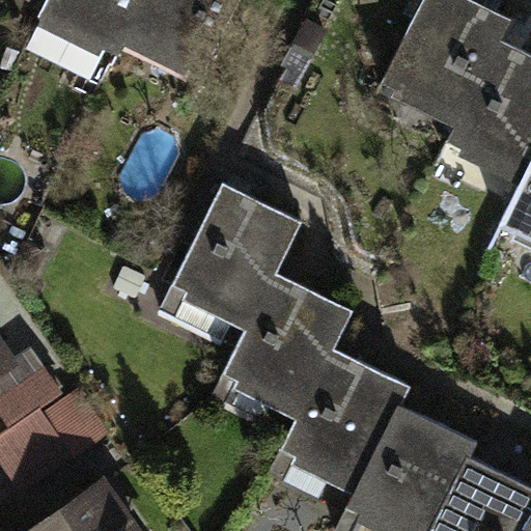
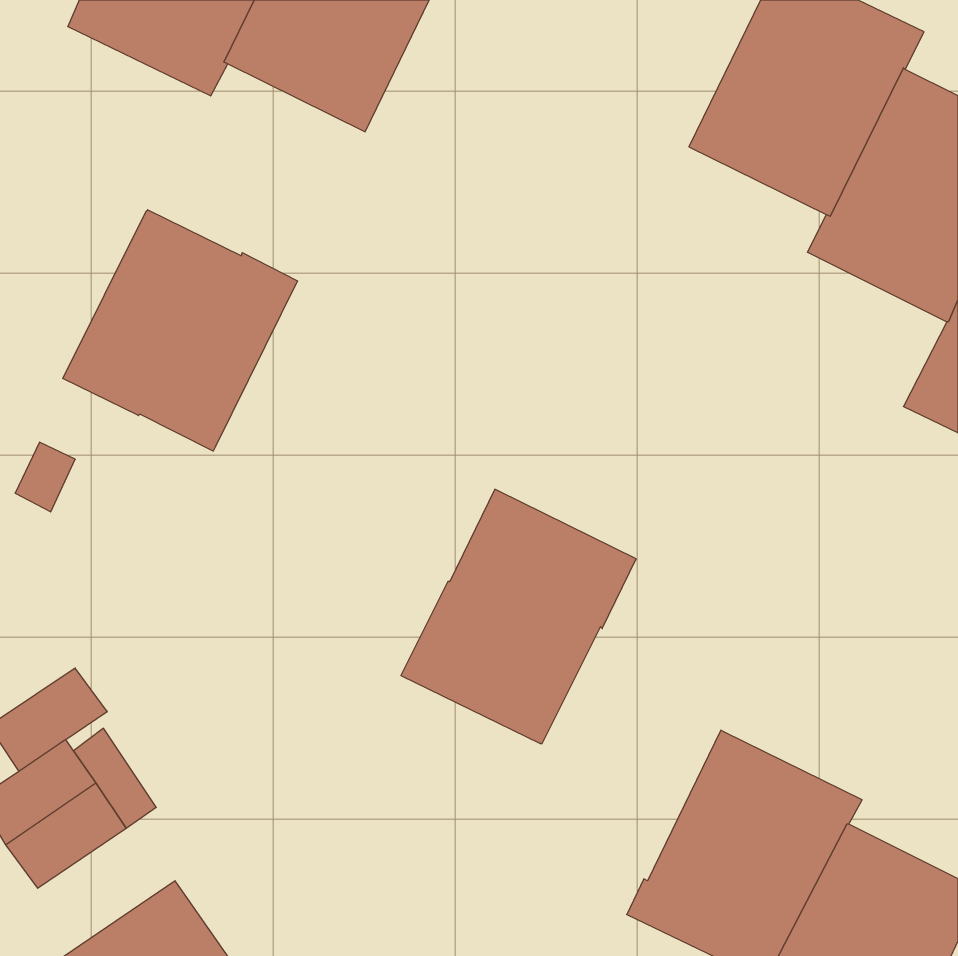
building: none -> [63,210,297,451]
building: [171,185,300,324] -> none
building: [279,348,409,488] -> none

